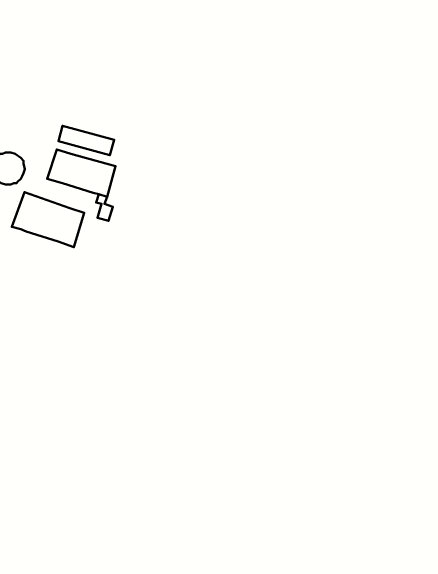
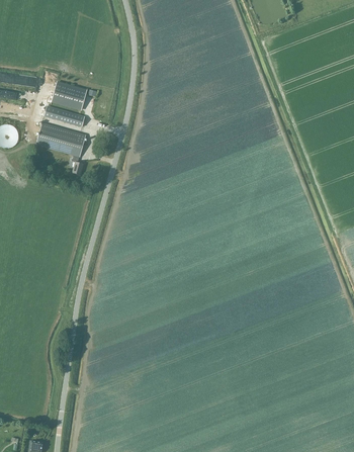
building: none -> [52,81,86,106]
building: [12,192,84,247] -> none

